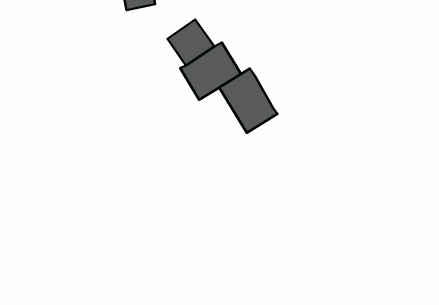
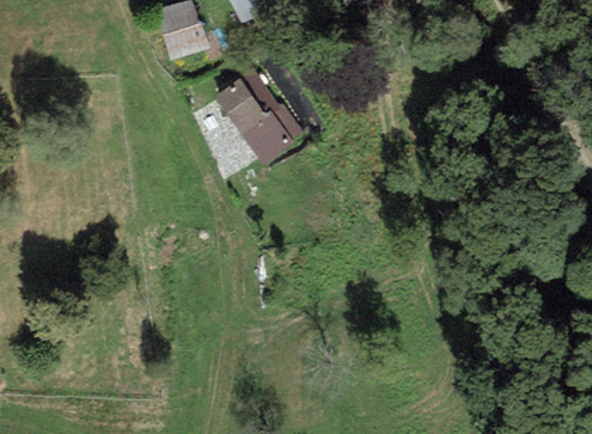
building: [219,69,277,133] -> none

